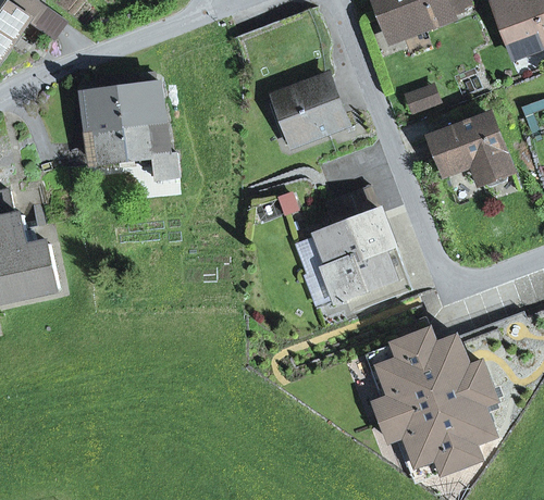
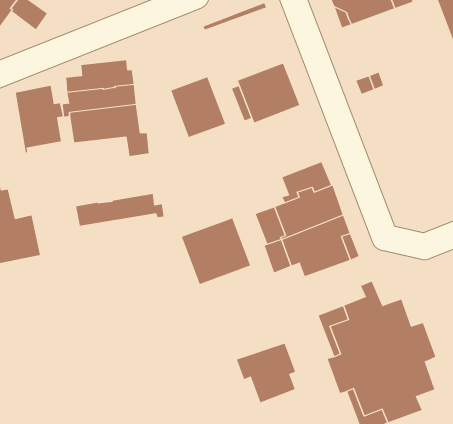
building: none -> [170,76,226,138]
building: none -> [15,85,64,153]
building: [432,116,510,183] -> none
building: none -> [76,193,164,226]
building: none -> [181,217,251,285]
building: none -> [236,343,296,403]

